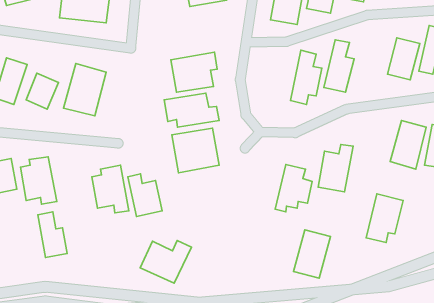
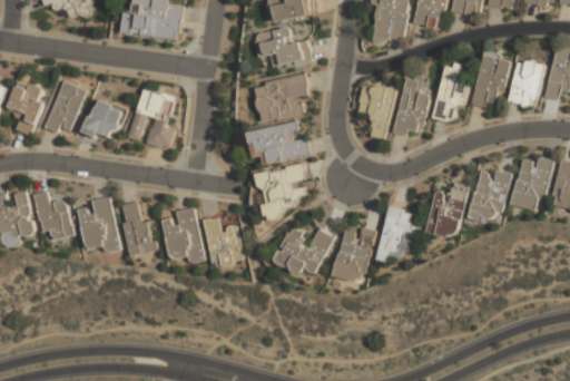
building: none -> [254,27,312,67]
building: none -> [471,50,511,108]
building: none -> [356,82,395,139]
building: [366,194,403,242] -> [468,166,511,223]
building: [38,212,67,257] -> [119,202,154,255]
building: [294,230,331,278] -> [332,226,375,283]
building: [140,240,191,283] -> [274,227,334,277]

